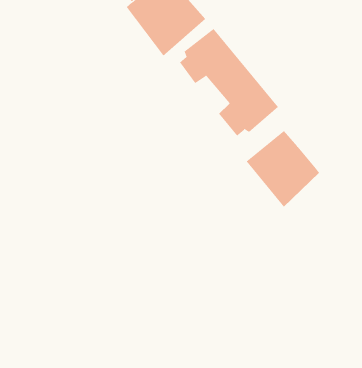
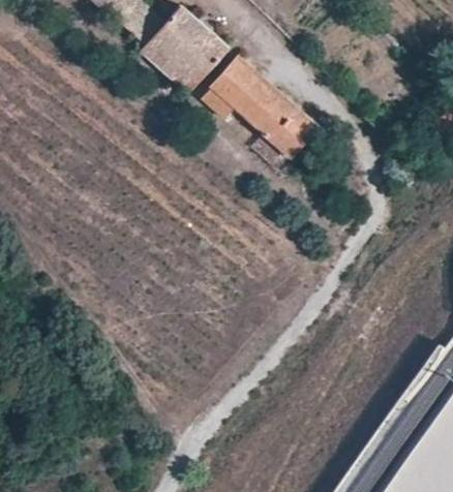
building: [246,130,320,207] -> none

